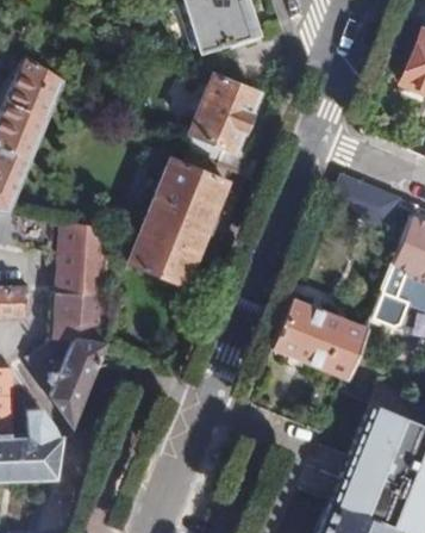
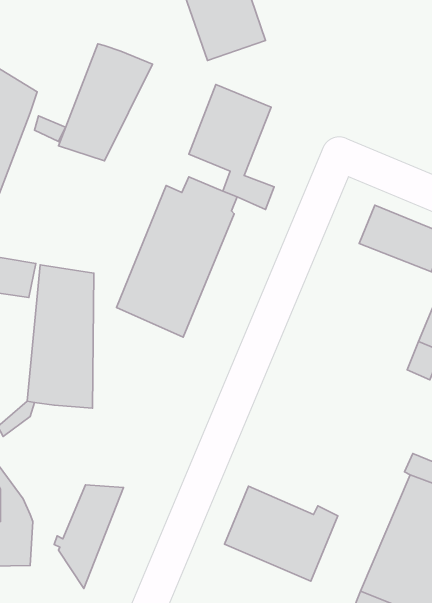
building: none -> [58,44,153,161]
building: [271,298,367,378] -> [224,486,338,581]
building: [48,343,106,430] -> [54,485,124,588]

